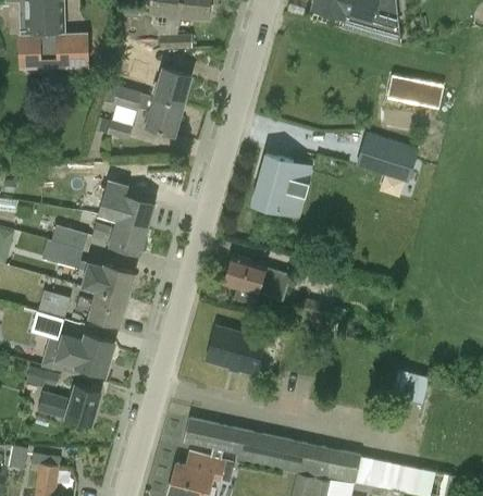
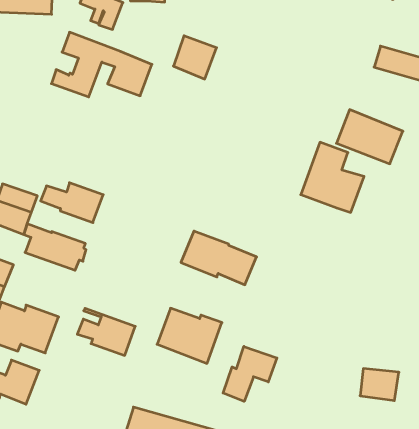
building: [154,69,193,107] -> [173,36,217,79]
building: [251,154,308,216] -> [301,142,364,212]
building: [95,177,154,228] -> none
building: [75,286,127,326] -> [77,308,135,355]
building: none -> [223,346,277,401]

